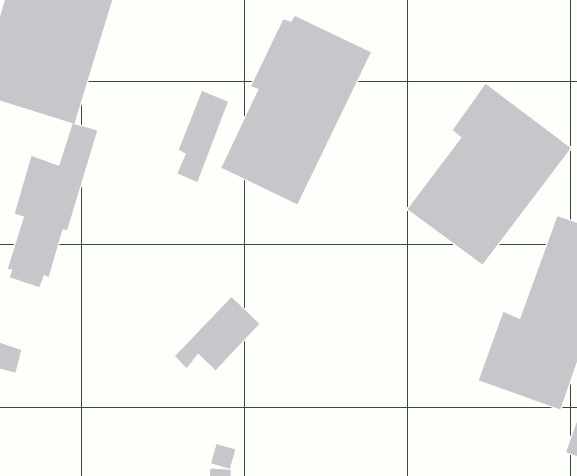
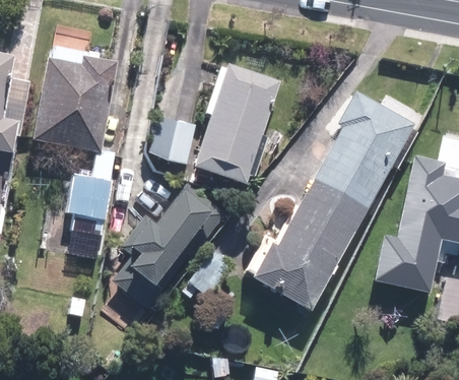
building: none -> [112,181,224,308]
building: none -> [245,178,369,310]

